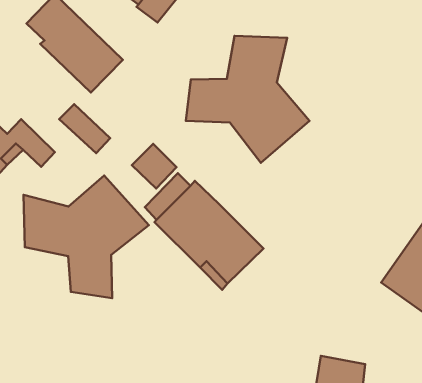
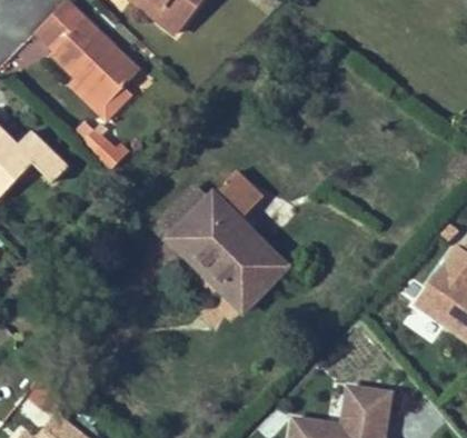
building: [186,36,310,163] -> none
building: [132,144,176,189] -> [213,173,260,220]
building: [23,175,149,298] -> none

